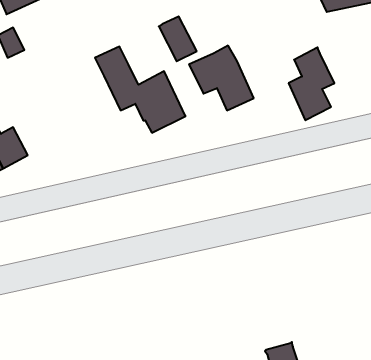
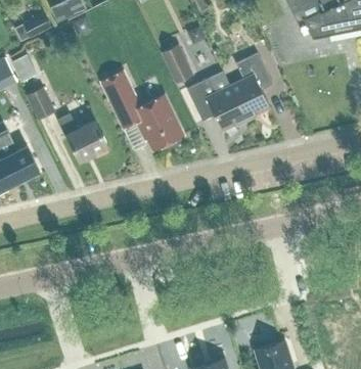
building: [289,47,334,120] -> [231,52,273,119]
building: none -> [26,86,56,120]
building: none -> [58,114,108,160]

